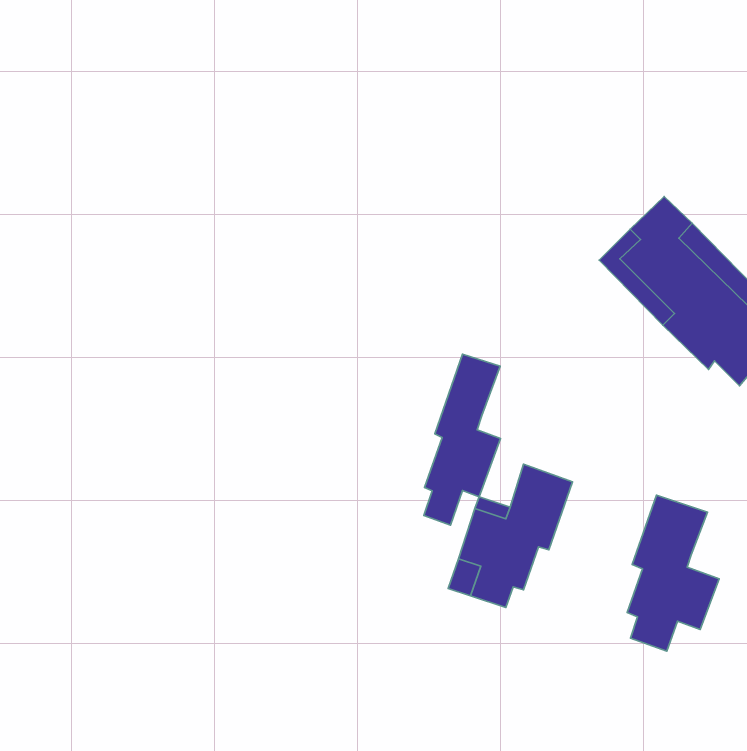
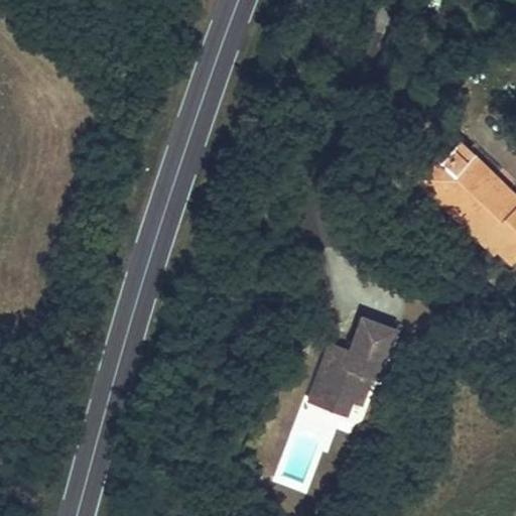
building: [424,354,500,525] -> none
building: [627,495,719,651] -> none

